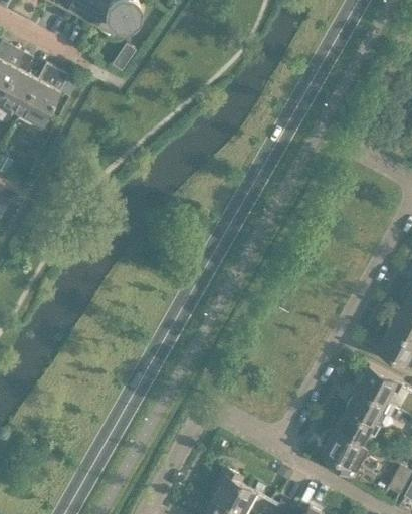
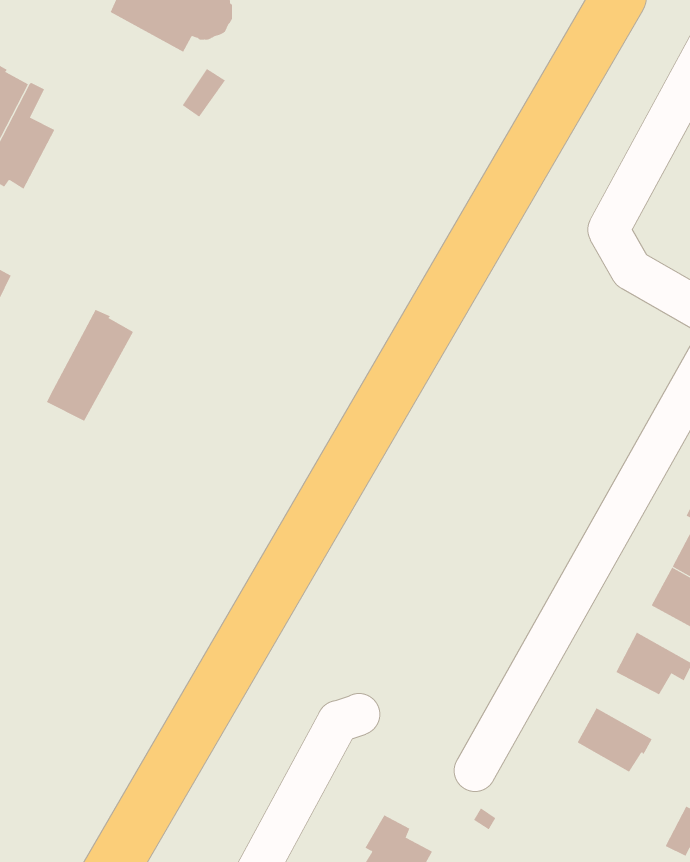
building: [19,63,69,127] -> [46,309,134,422]
building: [349,389,395,427] -> none
building: [325,429,368,480] -> none

